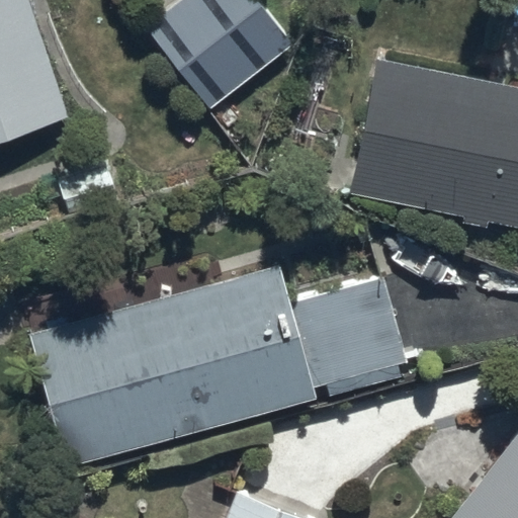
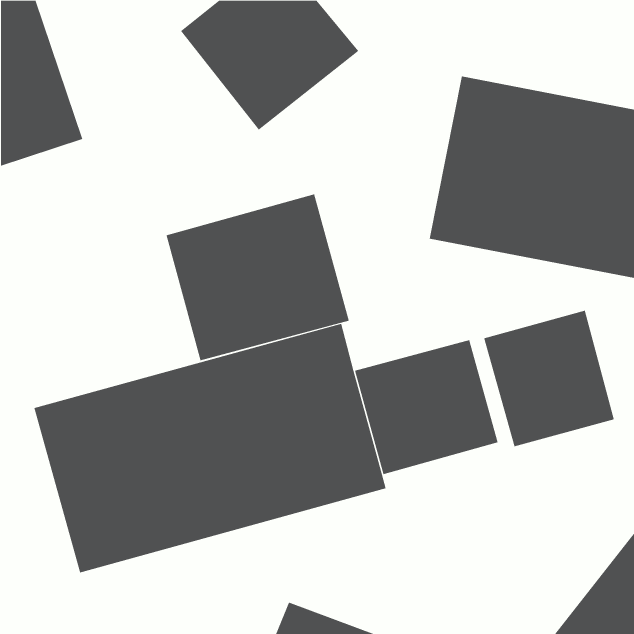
building: none -> [166,193,350,361]
building: none -> [484,310,615,447]

